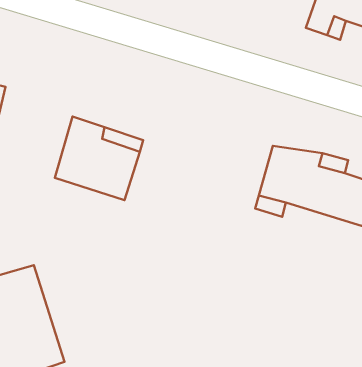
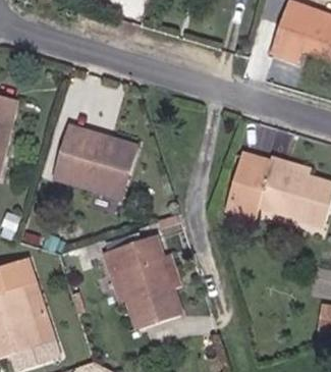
building: none -> [112,237,179,328]

